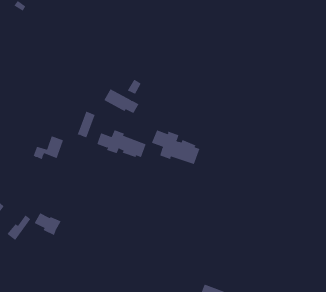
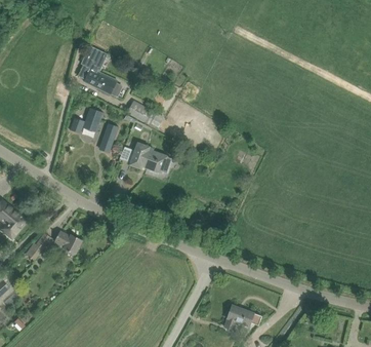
building: none -> [77,46,120,97]
building: [151,129,200,165] -> none
building: [33,135,64,160] -> [70,108,102,133]

